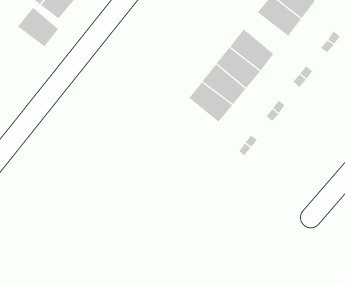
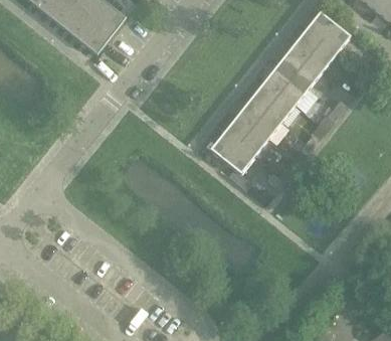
building: [17,7,59,47] -> none
building: none -> [278,45,323,87]
building: none -> [210,130,254,172]

